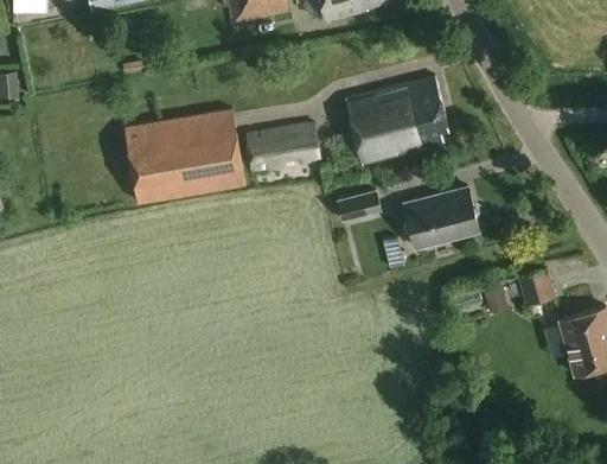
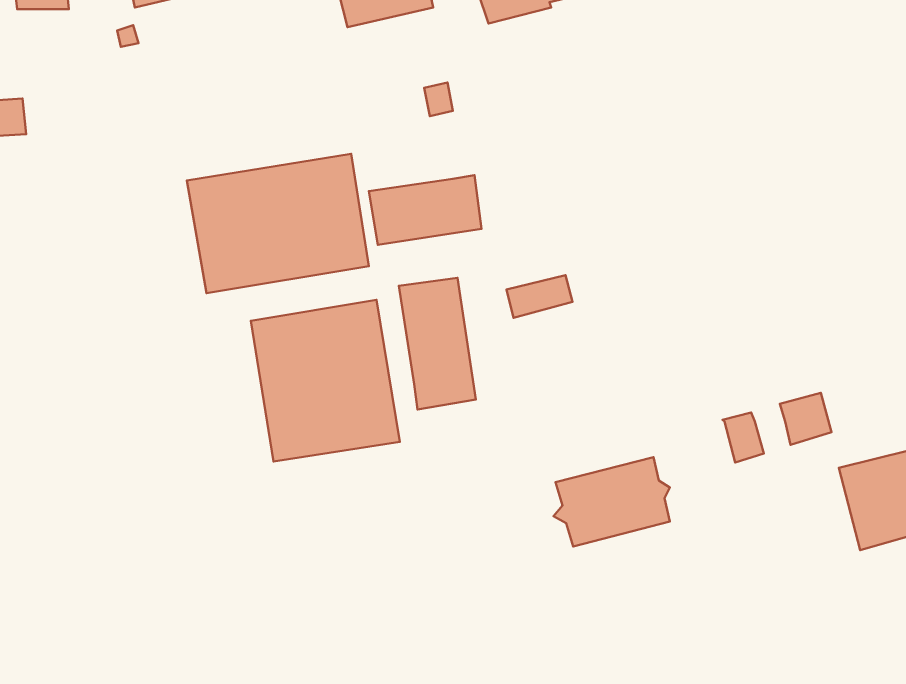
building: [346,77,448,164] -> none
building: [402,186,479,246] -> [554,457,670,547]
building: none -> [399,278,476,410]
building: none -> [251,300,400,461]

